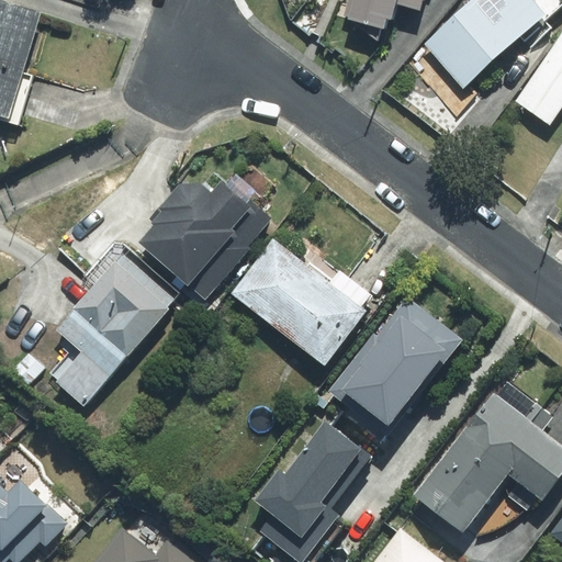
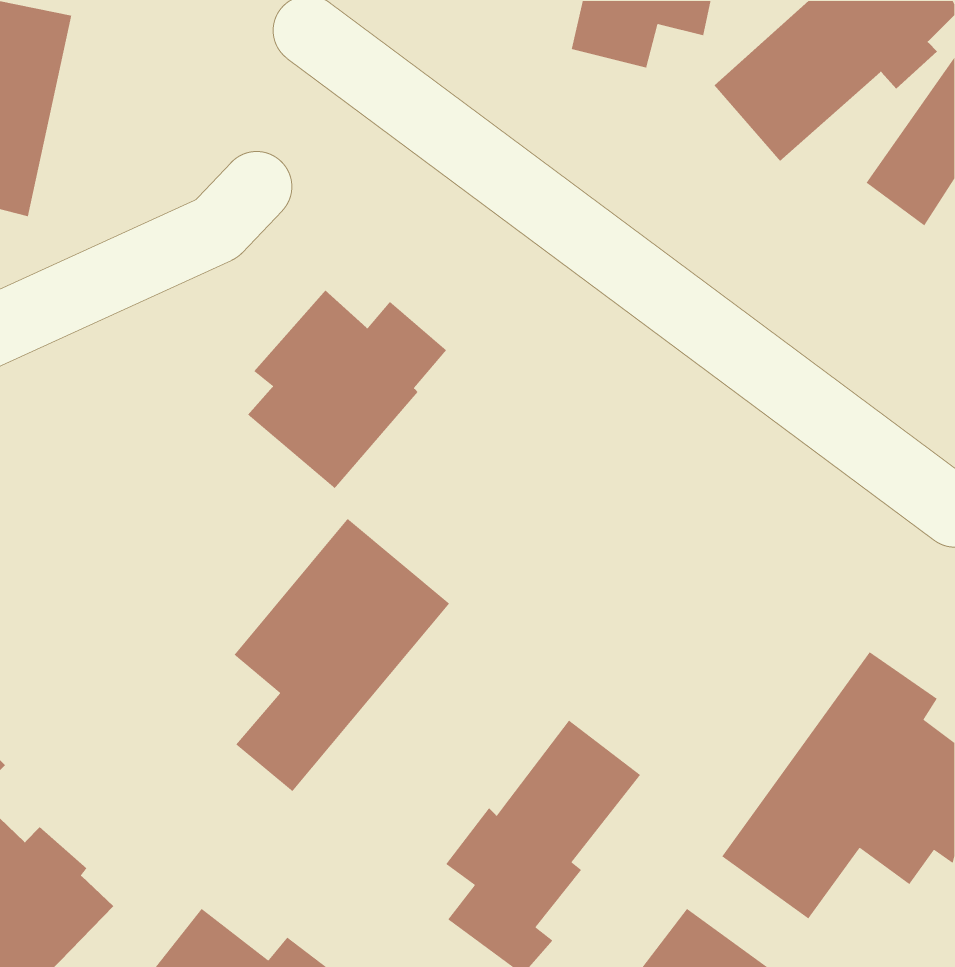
building: [234,240,378,363] -> none
building: [49,249,175,407] -> [233,518,450,792]
building: [328,295,463,443] -> none

